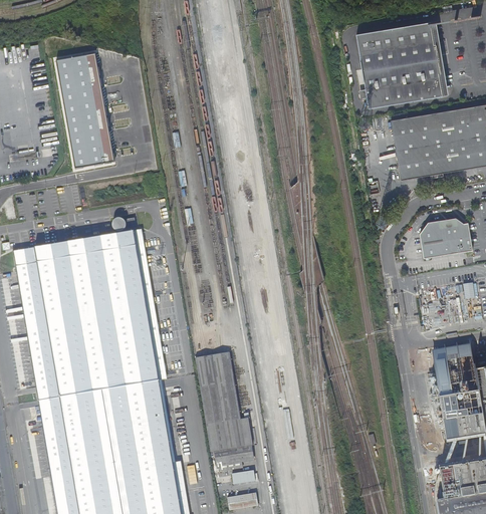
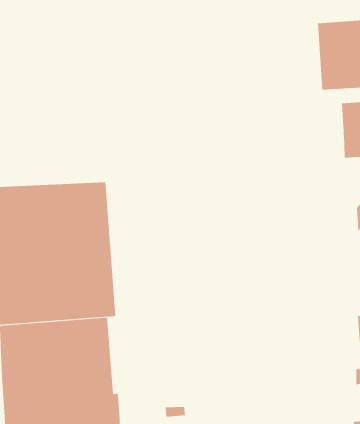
building: [55,53,113,168] -> none
building: [194,351,252,472] -> none

